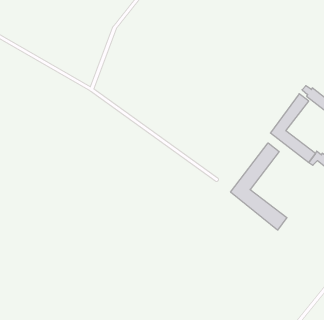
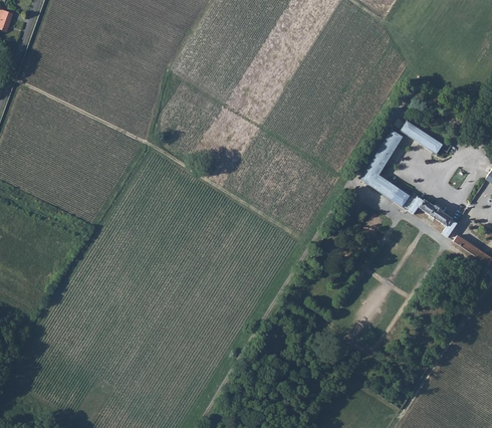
building: [231,143,287,230] -> none

